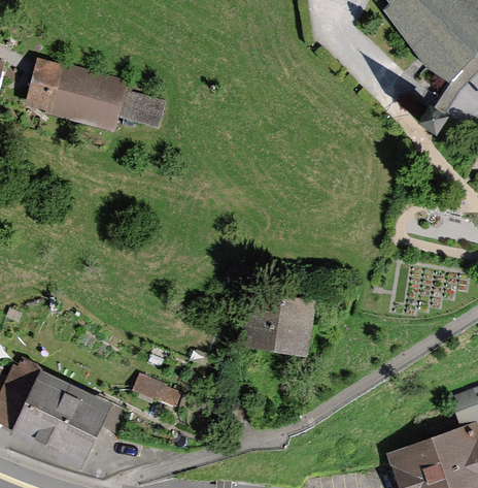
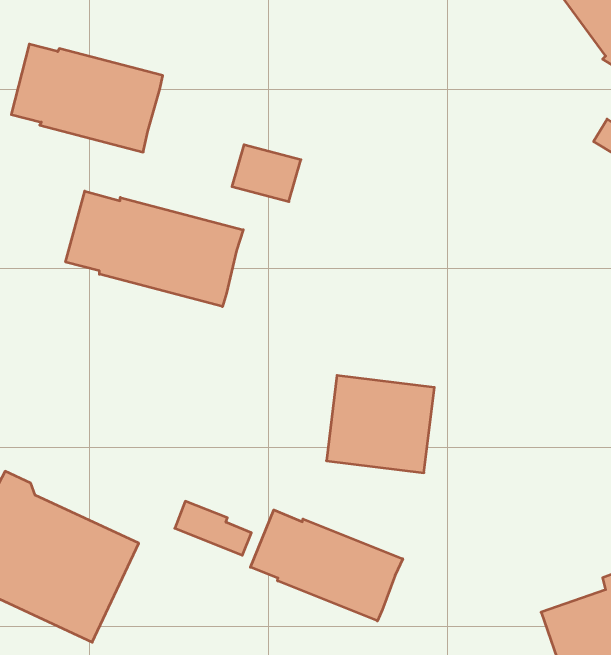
building: [118,91,166,130] -> [232,145,301,202]
building: none -> [66,191,243,307]
building: none -> [250,510,403,621]

